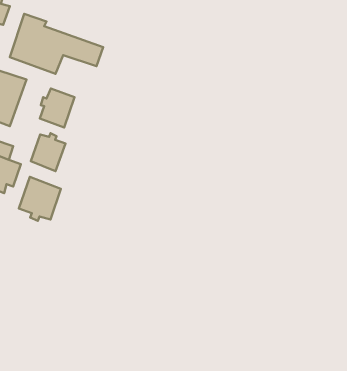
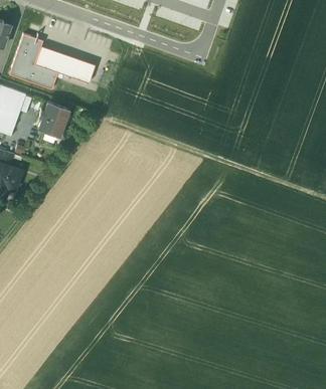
building: [31,133,65,171] -> none
building: [19,177,61,221] -> none

